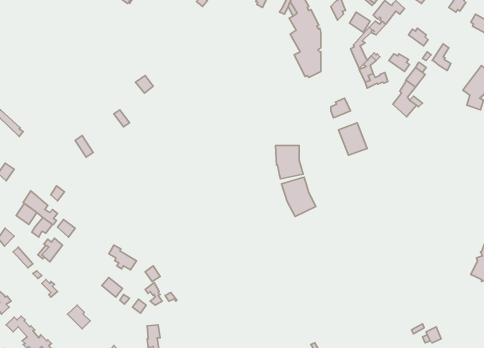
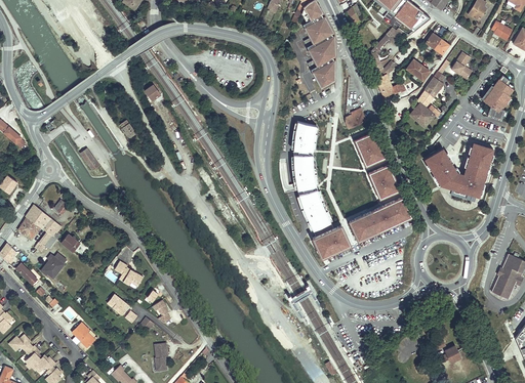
building: none -> [289,123,313,153]
building: none -> [425,142,493,197]
building: none -> [367,166,396,200]
building: none -> [346,199,407,241]
building: none -> [310,227,347,259]

